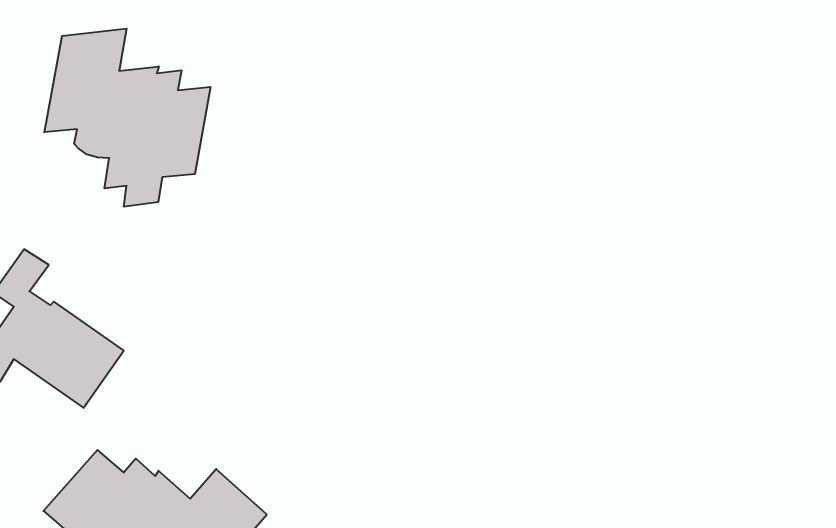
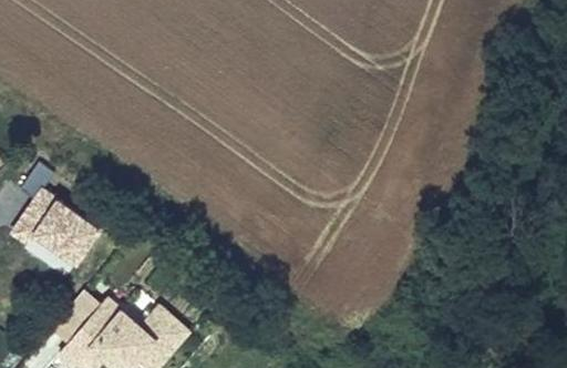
building: [44,29,210,207] -> none

